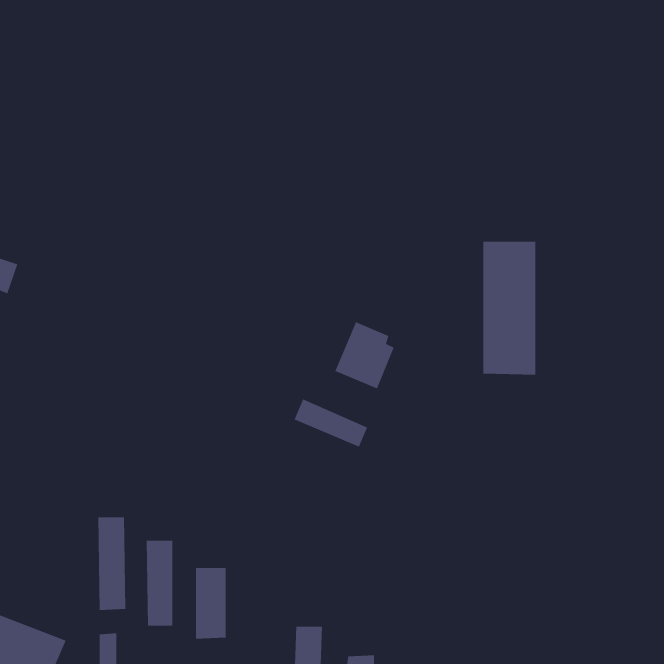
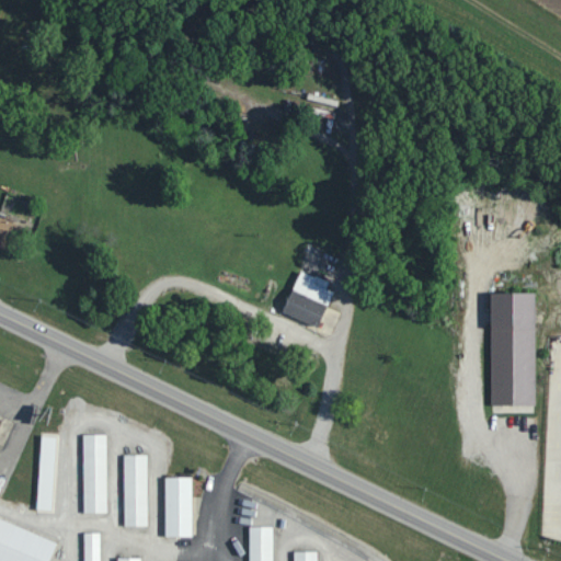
building: [483,241,536,375] -> [490,295,535,408]
building: [294,399,368,447] -> none
building: none -> [36,437,55,512]

